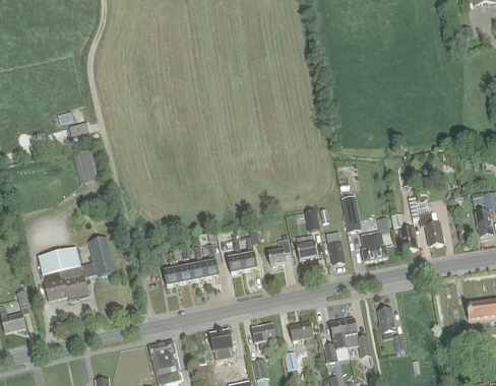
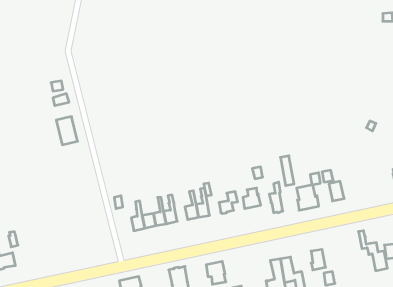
building: [409,197,443,245] -> [358,231,387,271]
building: [38,236,116,300] -> none
building: [290,321,315,344] -> none

